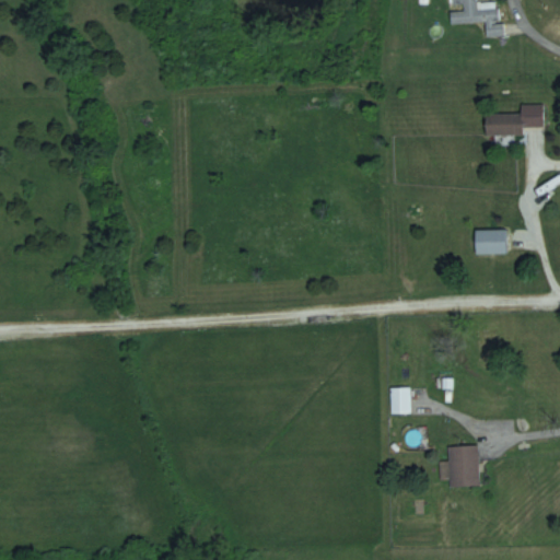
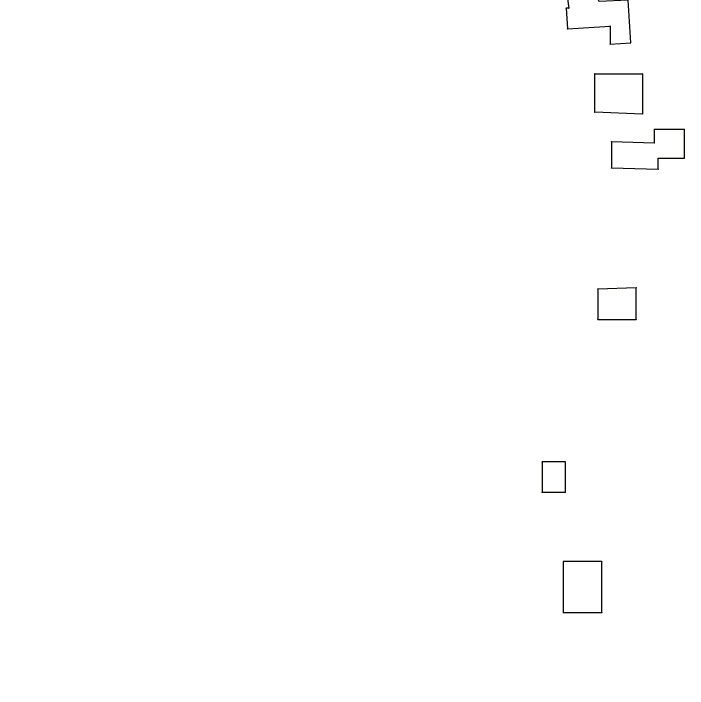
building: none -> [595,74,642,114]
building: [390,388,409,412] -> [542,462,565,492]

